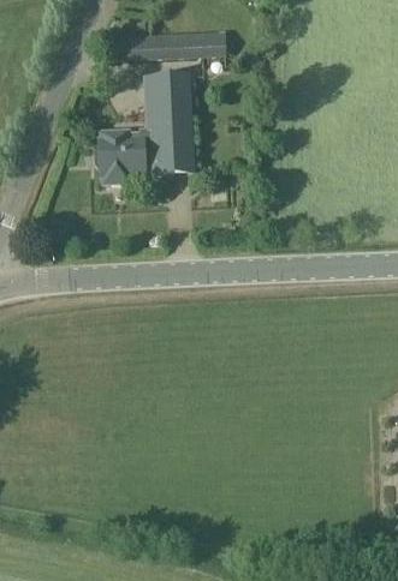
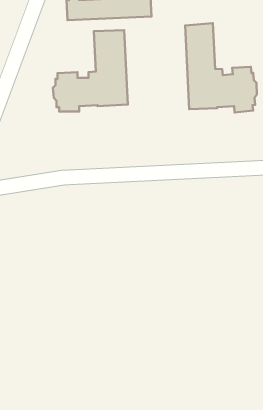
building: none -> [185,23,257,112]

